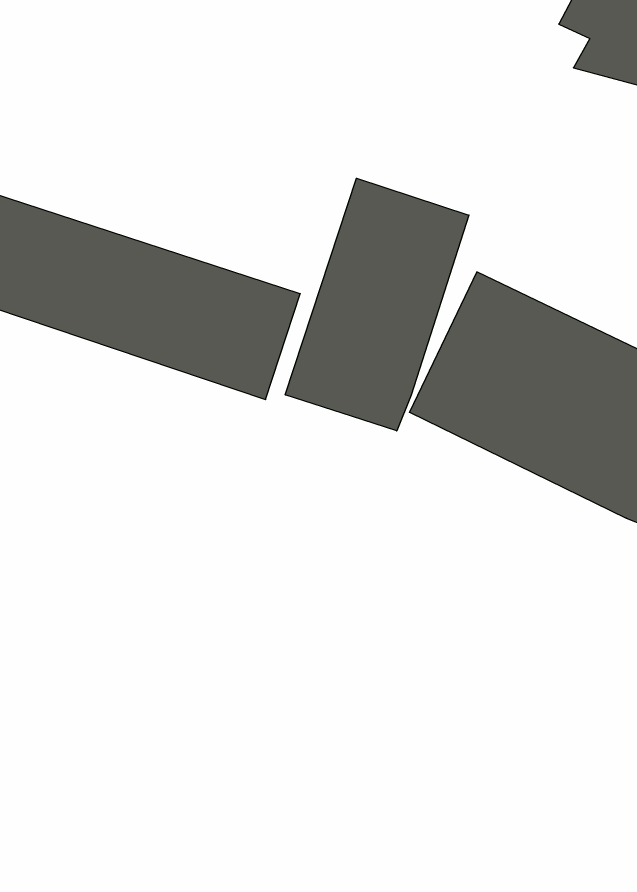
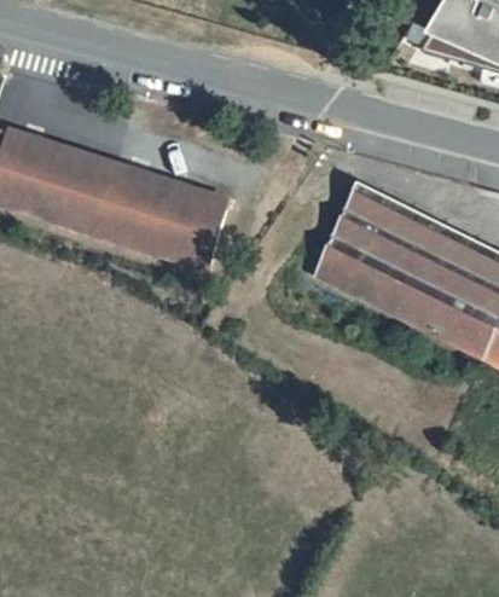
building: [285,178,469,431] -> none

